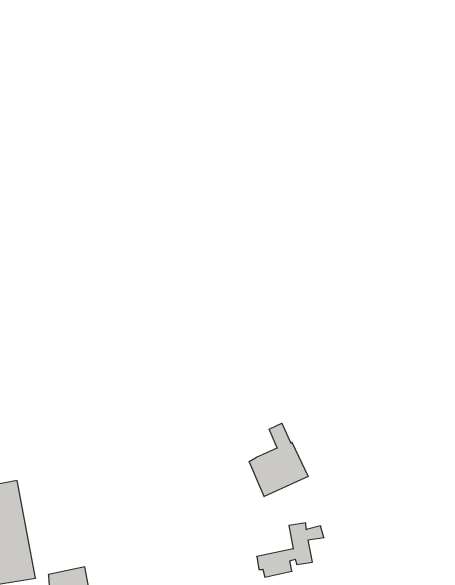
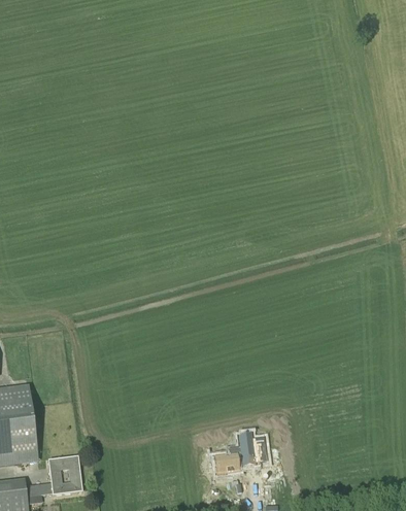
building: [249,423,308,497] -> none

